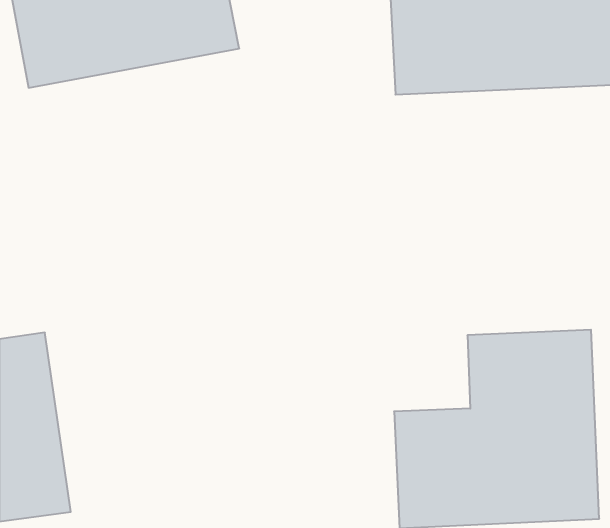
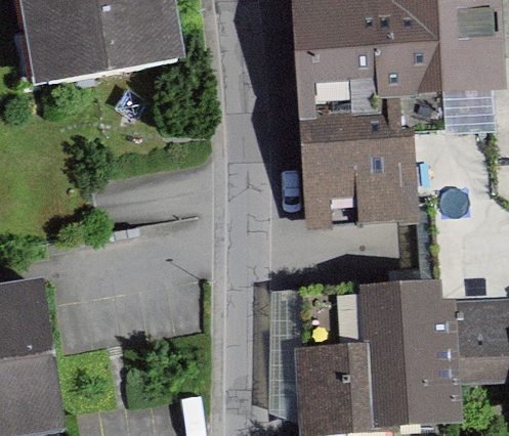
building: none -> [299,119,415,225]

